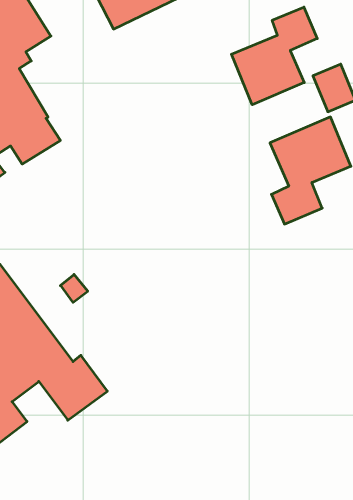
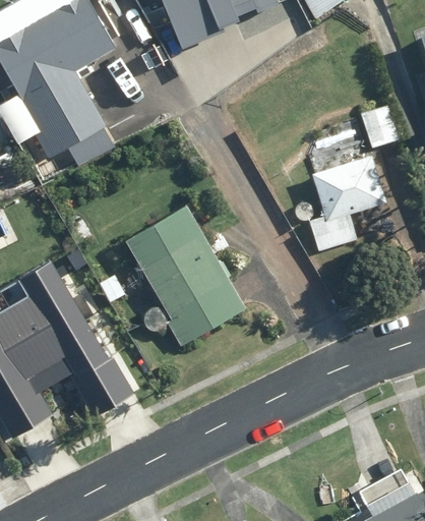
building: [231,7,317,105] -> none
building: none -> [127,204,247,345]

